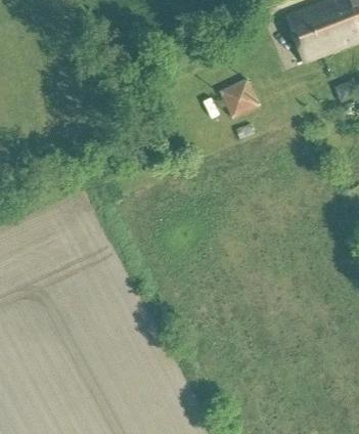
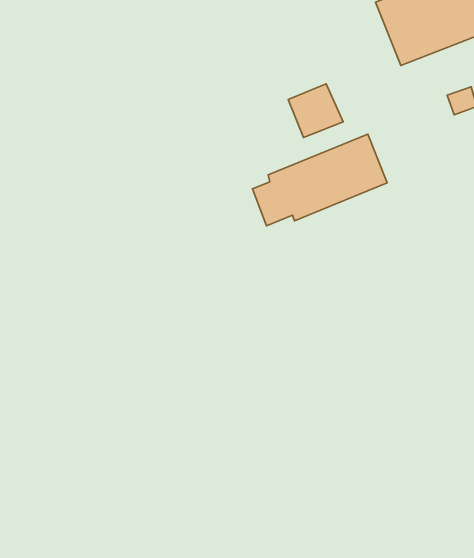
building: none -> [252,134,387,226]

